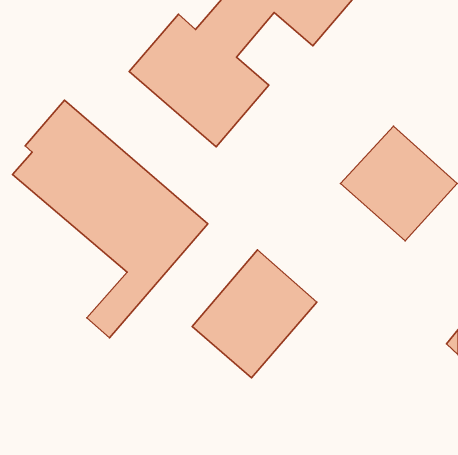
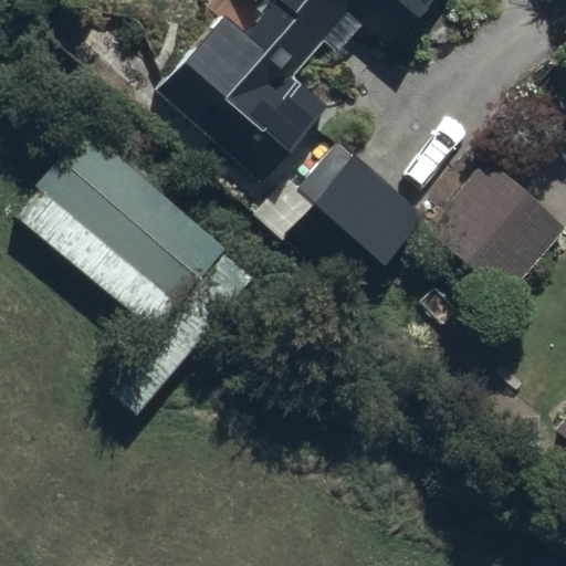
building: none -> [296,138,424,262]
building: [192,250,317,378] -> none

